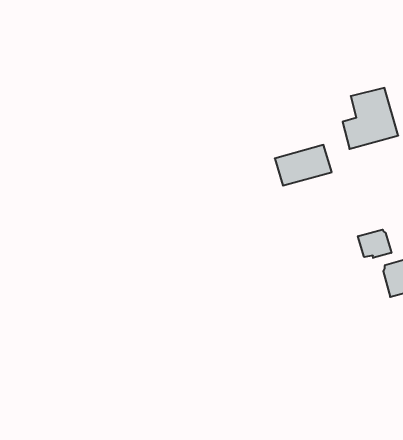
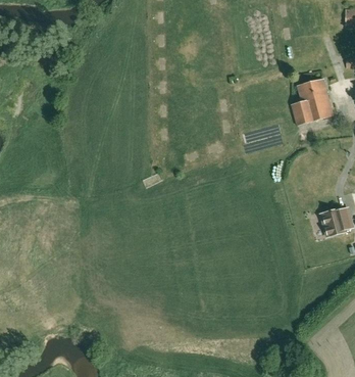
building: [358,230,391,258] -> none

